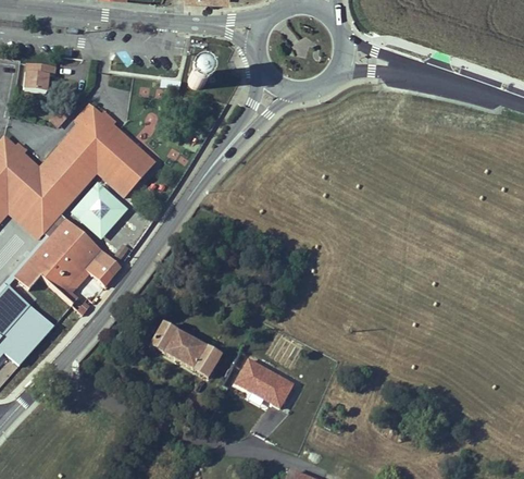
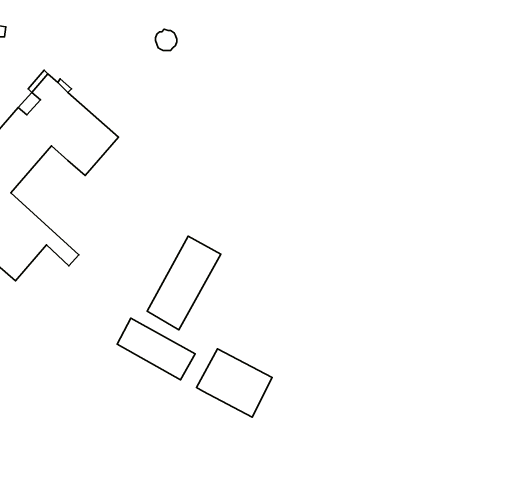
building: [72,189,123,240] -> none
building: none -> [147,236,221,330]

